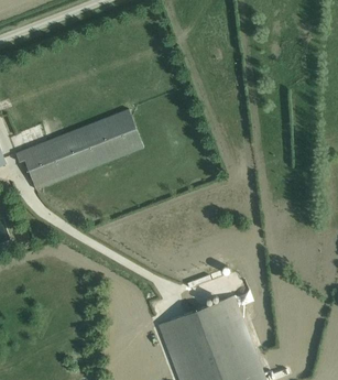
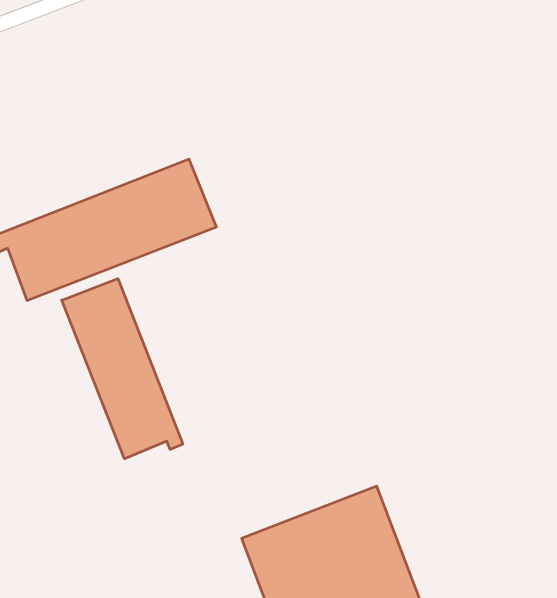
building: none -> [62,279,183,459]

